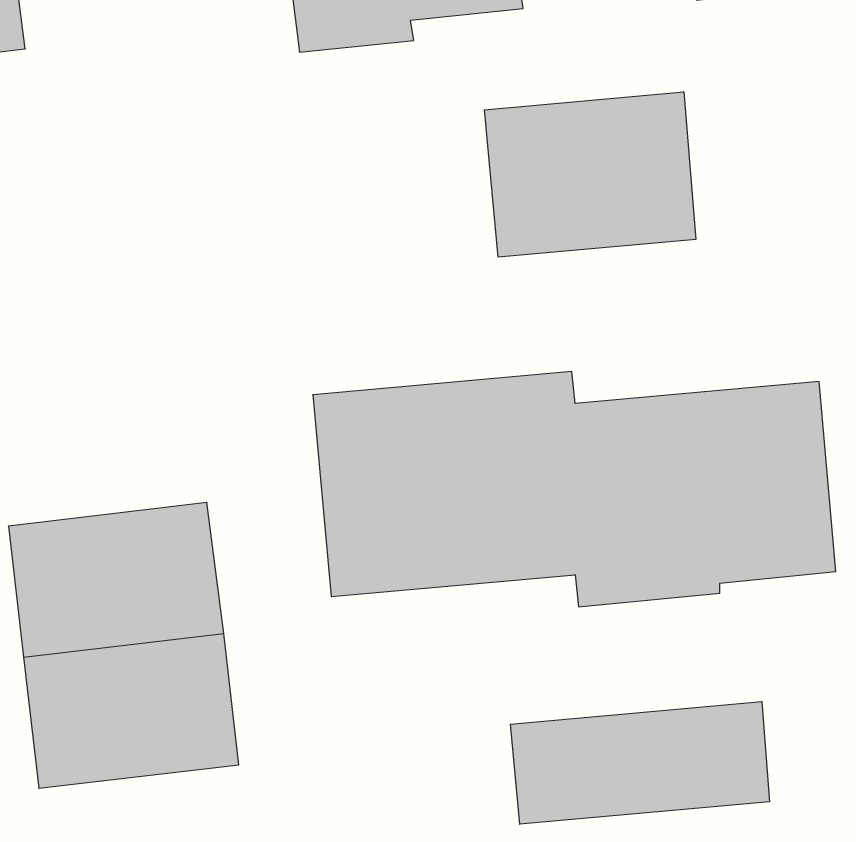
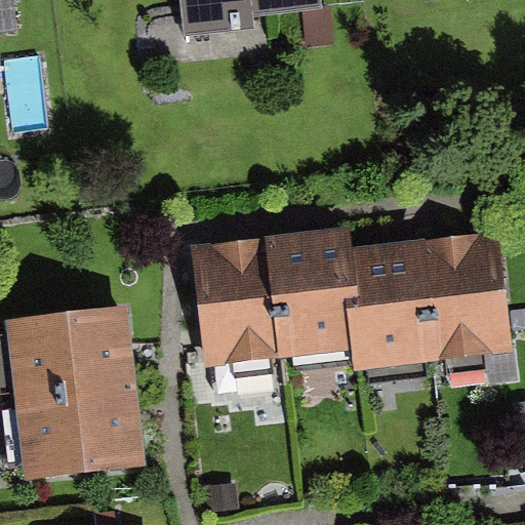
building: [484,92,696,257] -> none
building: [510,701,769,824] -> none

